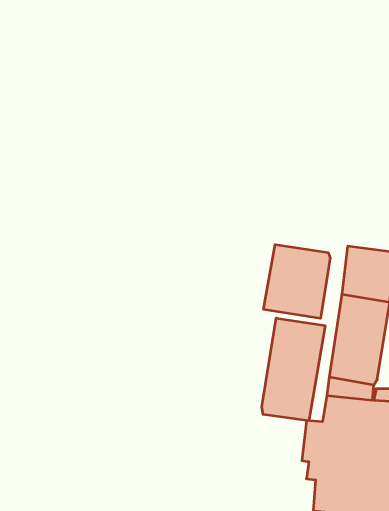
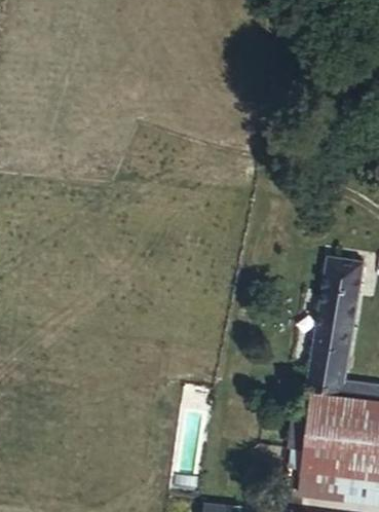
building: [264,245,330,318] -> none
building: [262,318,325,421] -> none

